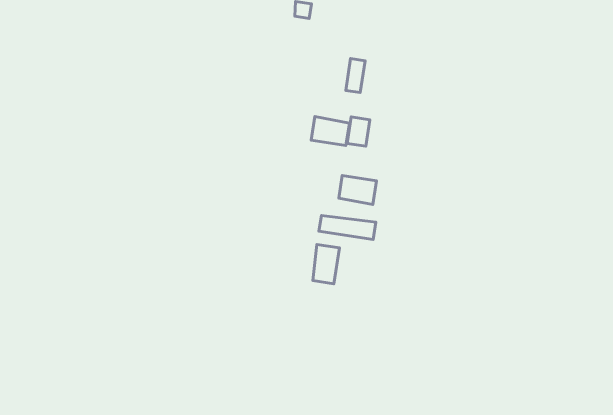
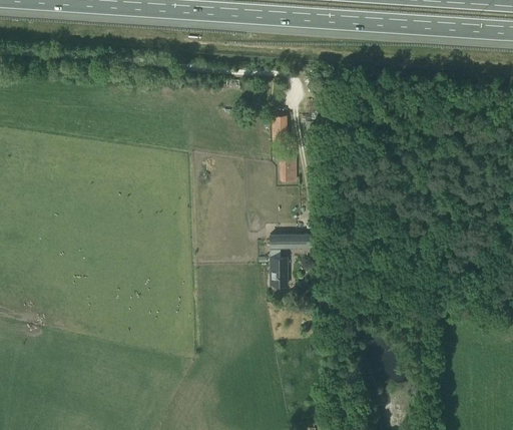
building: [311,116,349,146] -> none
building: [339,176,376,205] -> none

